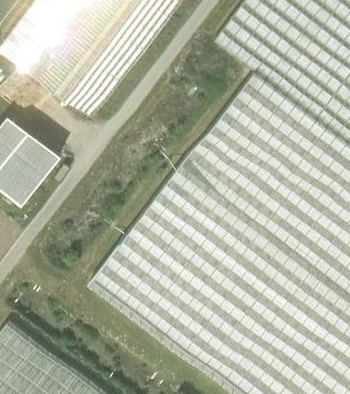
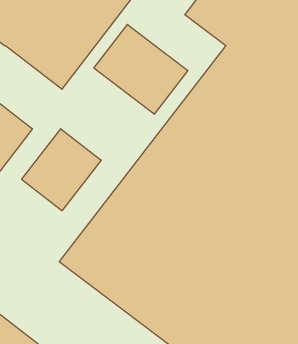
building: none -> [94,24,188,114]
building: none -> [22,129,101,211]

